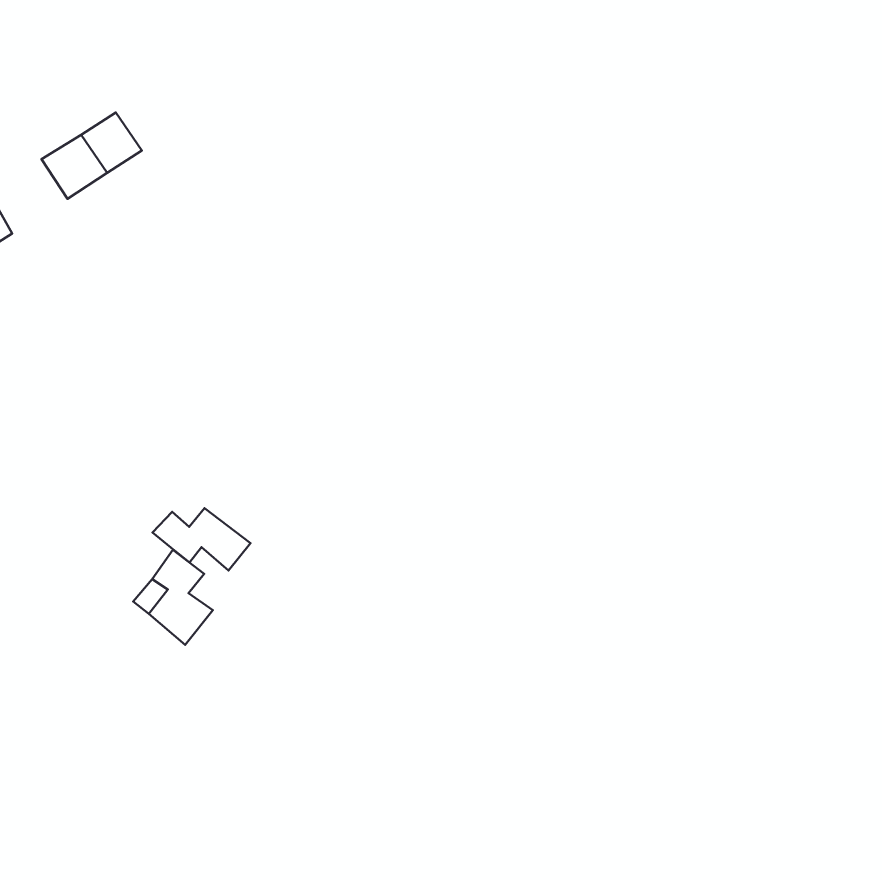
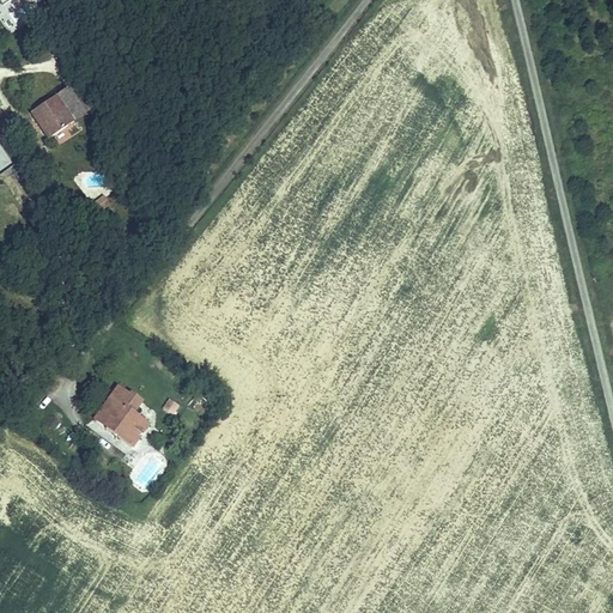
building: [152,508,251,571] -> none

